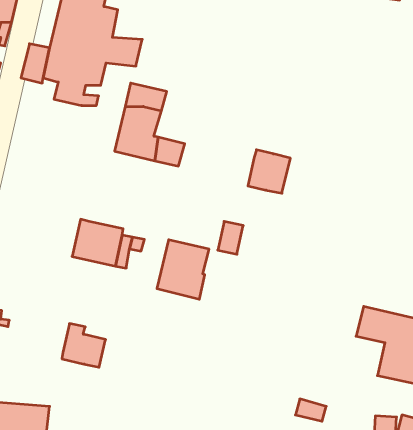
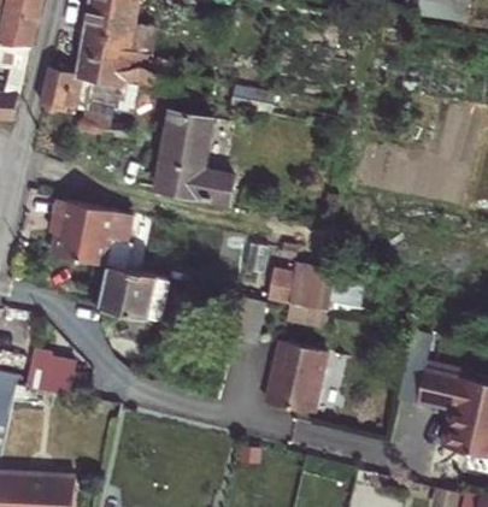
building: [248,150,290,193] -> [287,264,335,313]
building: none -> [45,195,125,267]
building: [157,240,209,299] -> [266,347,325,414]
building: [62,324,106,367] -> [28,347,77,396]

